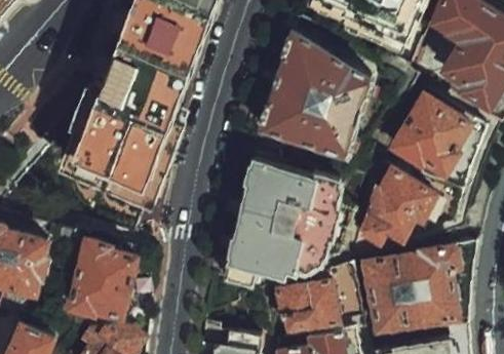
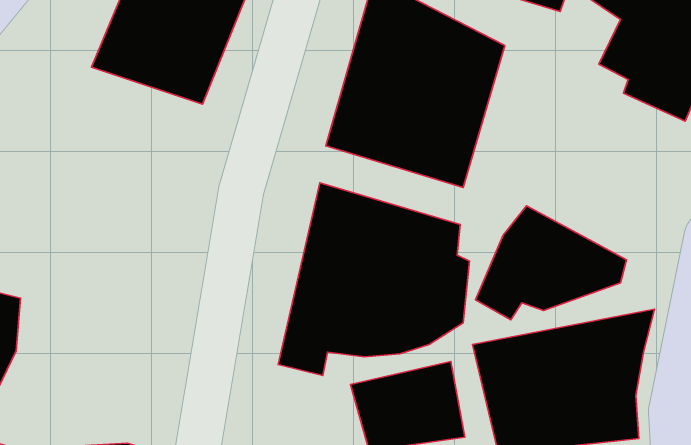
building: [60,73,186,202] -> none
building: [400,89,489,194] -> none
building: [64,237,140,318] -> none

